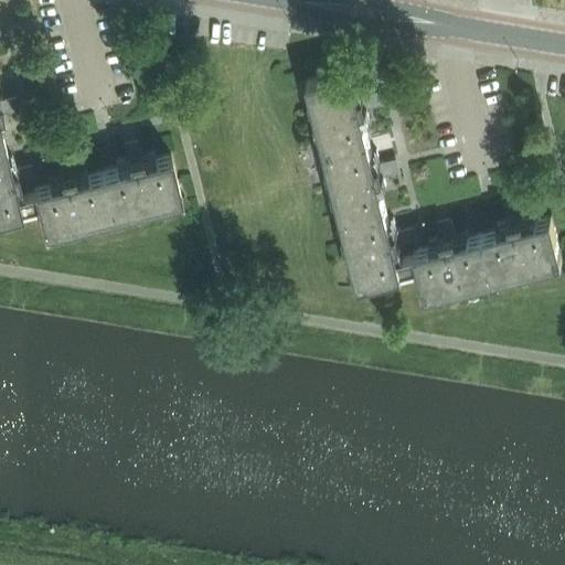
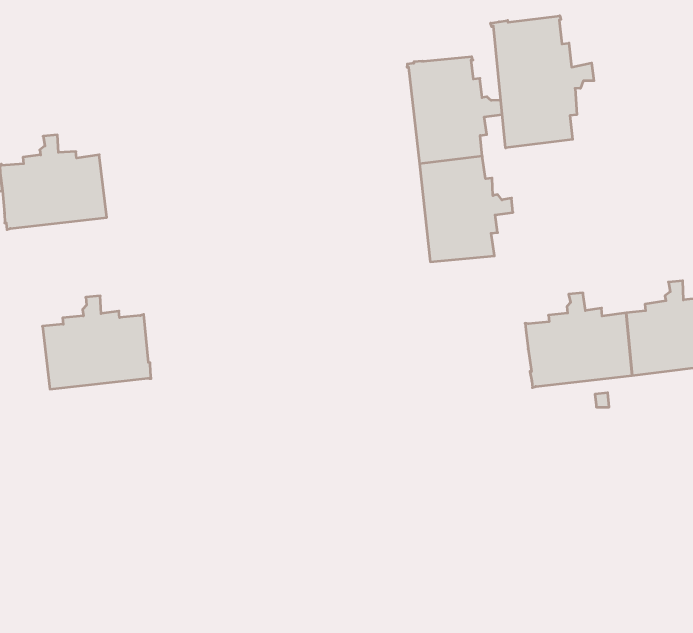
building: none -> [491,16,594,148]
building: [97,157,178,226] -> [42,296,151,389]
building: [338,217,414,296] -> none

